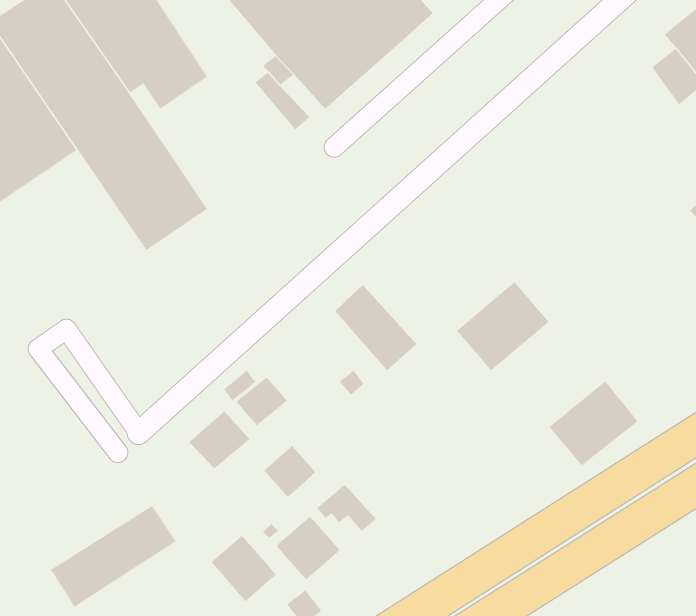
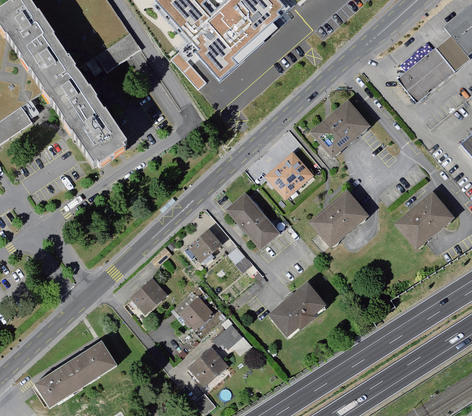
building: none -> [397,47,454,103]
building: none -> [307,101,369,160]
building: none -> [268,155,312,198]
building: [235,376,288,426] -> [187,232,222,265]
building: [548,381,639,466] -> [393,193,453,250]
building: none -> [265,282,325,340]
building: [211,535,277,602] -> none

